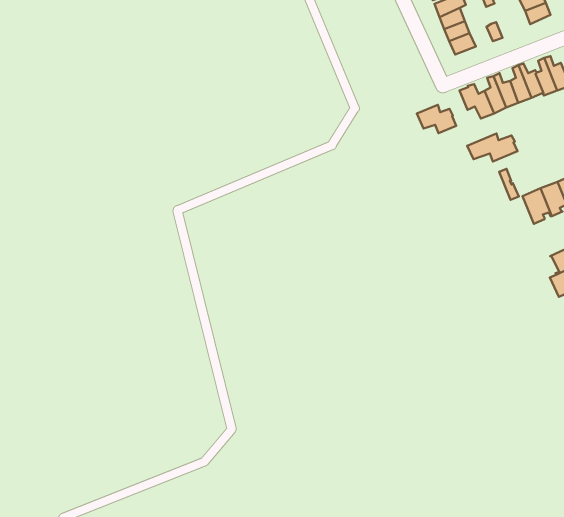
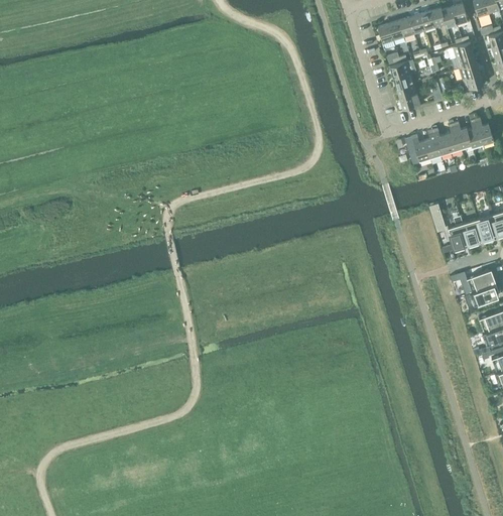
building: [417,105,456,133] -> none
building: [467,134,517,161] -> none

